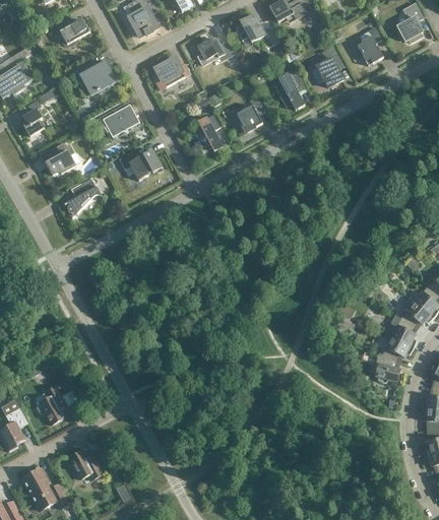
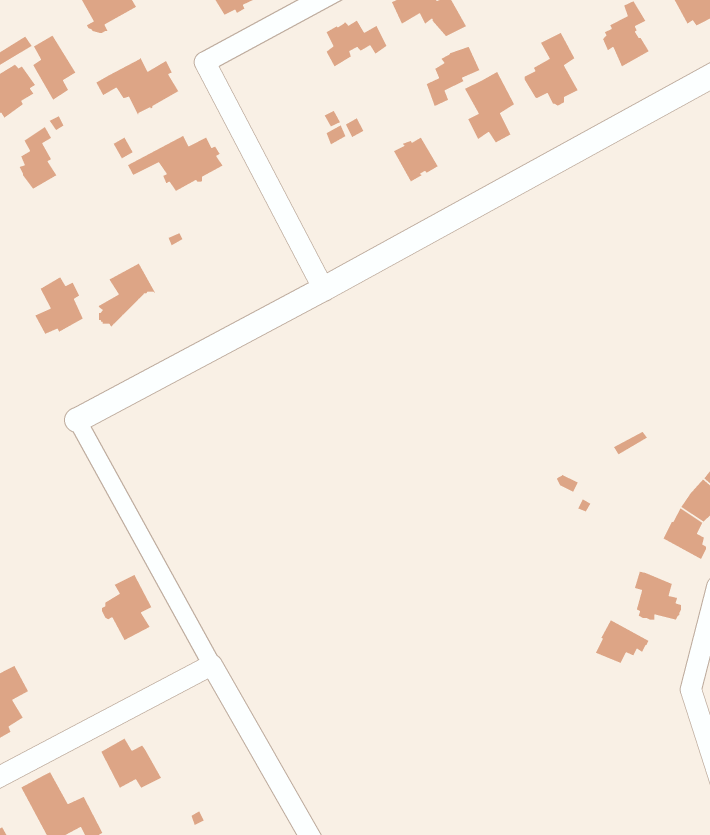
building: none -> [32,35,77,101]
building: none -> [423,46,481,107]
building: [153,59,189,89] -> none
building: [196,114,223,152] -> none
building: [46,140,74,174] -> [34,276,84,335]
building: [118,148,162,180] -> none
building: [381,335,413,362] -> [595,619,650,665]
building: [37,386,66,425] -> [101,574,153,641]

